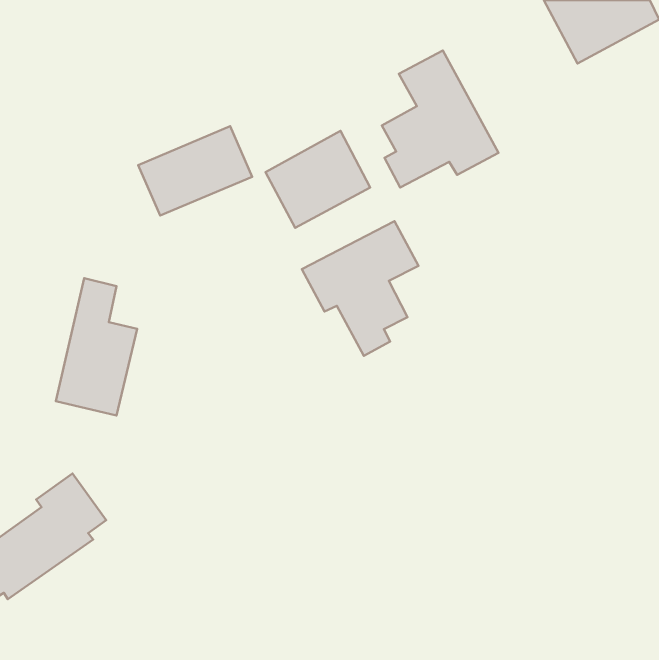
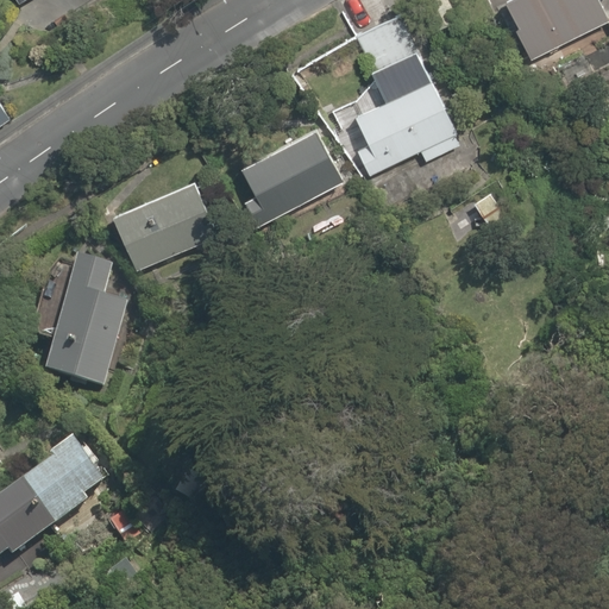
building: [138,126,252,216] -> [115,187,220,269]
building: [302,221,419,356] -> none

